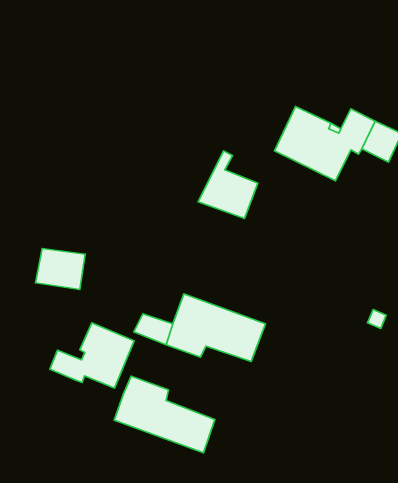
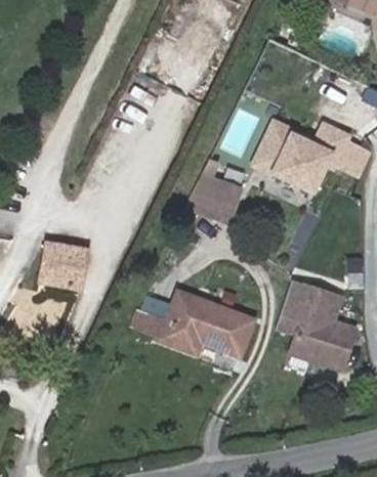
building: none -> [279,278,355,368]
building: [50,323,134,388] -> none
building: [114,376,215,453] -> none

